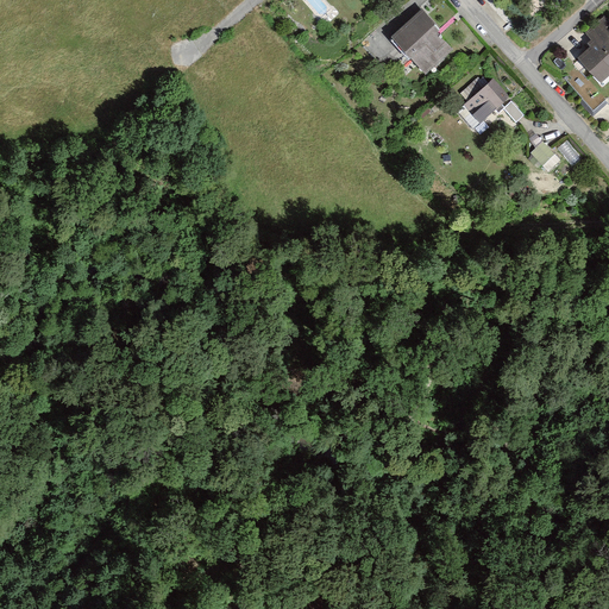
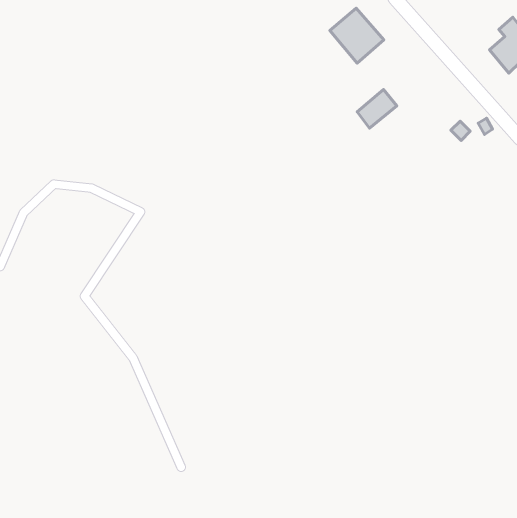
building: [466,77,513,123] -> [357,90,397,128]

